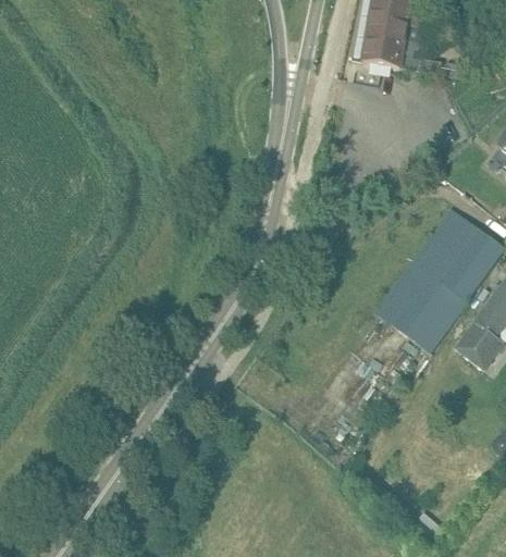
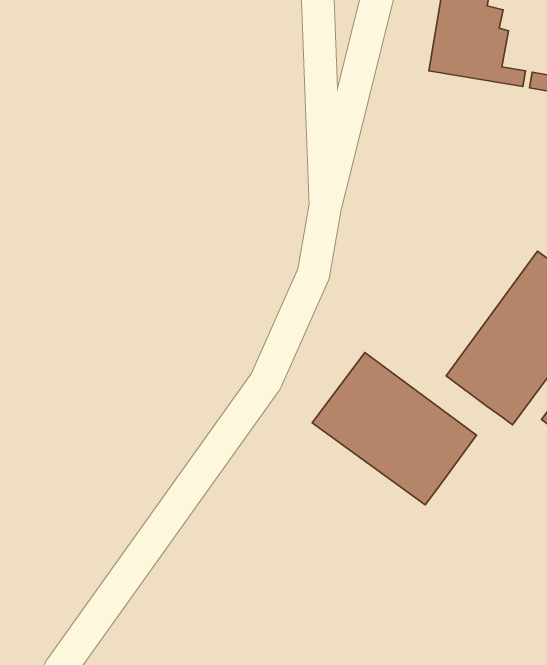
building: none -> [312,353,476,505]

